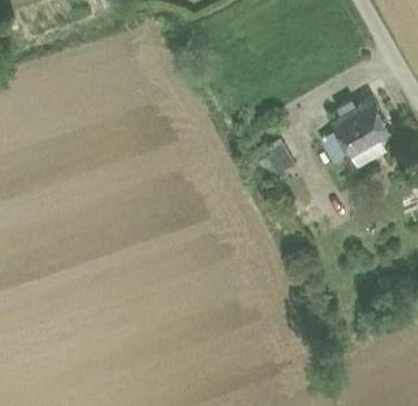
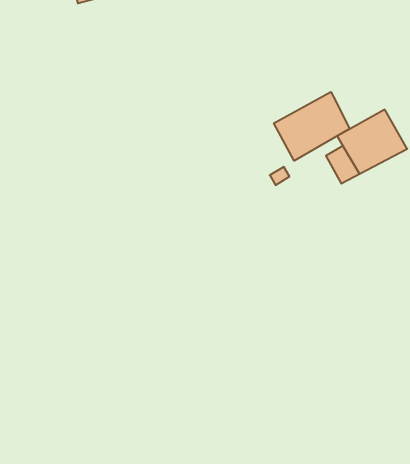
building: none -> [274,92,350,161]

